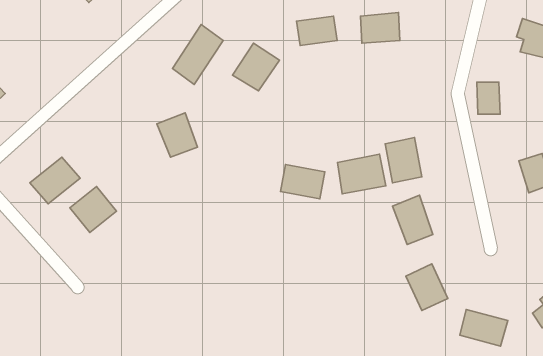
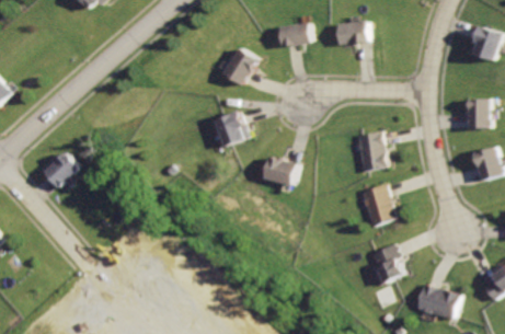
building: [172,24,223,85] -> none
building: [477,82,500,114] -> [468,100,489,128]
building: [157,113,197,157] -> [213,110,249,149]
building: [337,154,386,194] -> none
building: [70,186,116,233] -> none

